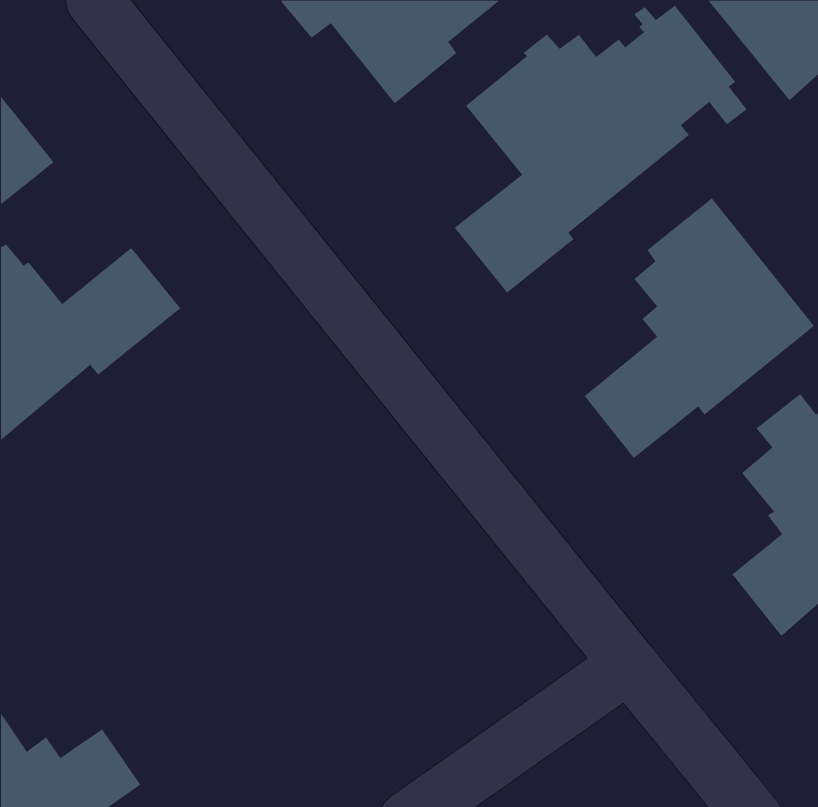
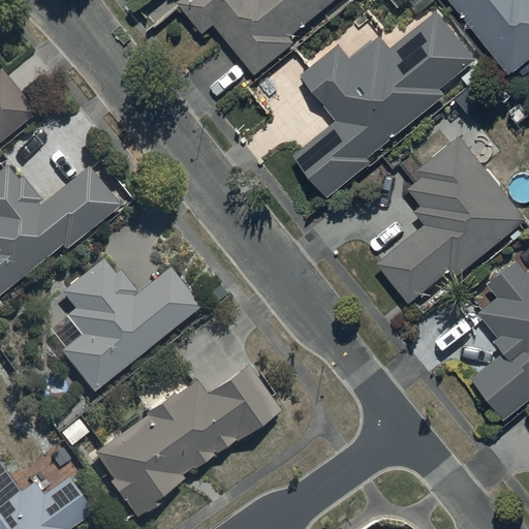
building: none -> [59,258,198,393]
building: none -> [90,363,279,520]

